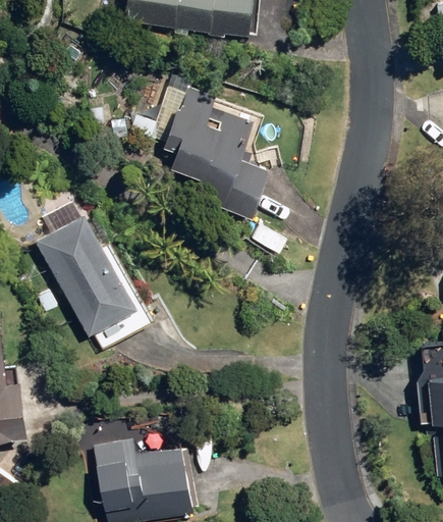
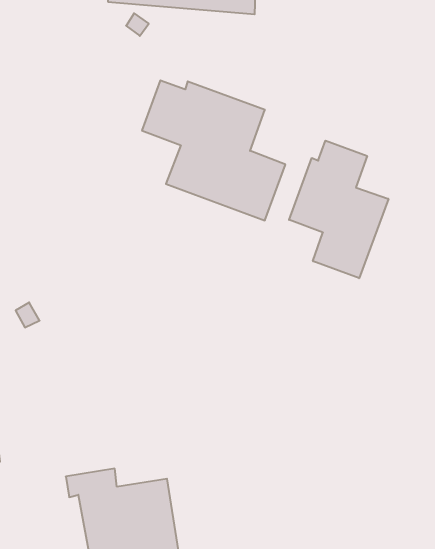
building: none -> [289,141,388,278]
building: [35,212,134,333] -> none

